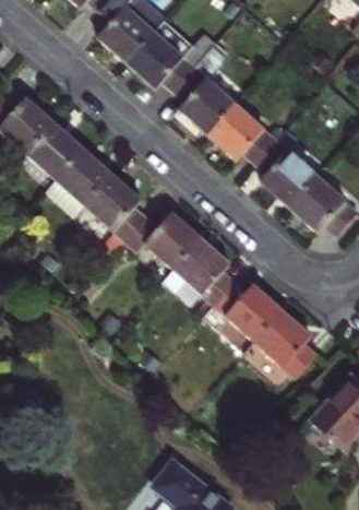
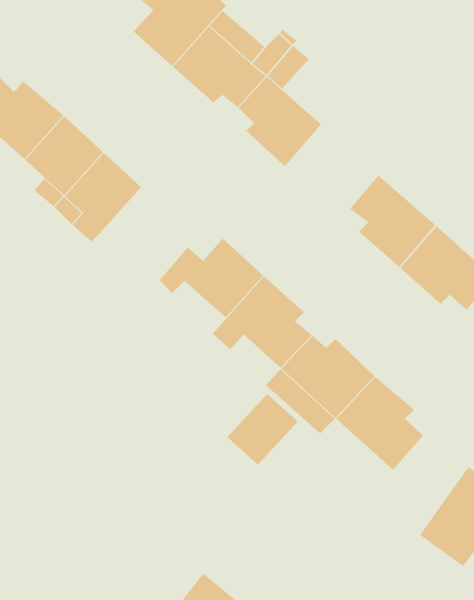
building: [218,126,285,186] -> none
building: [87,170,148,237] -> none
building: none -> [226,393,299,465]

